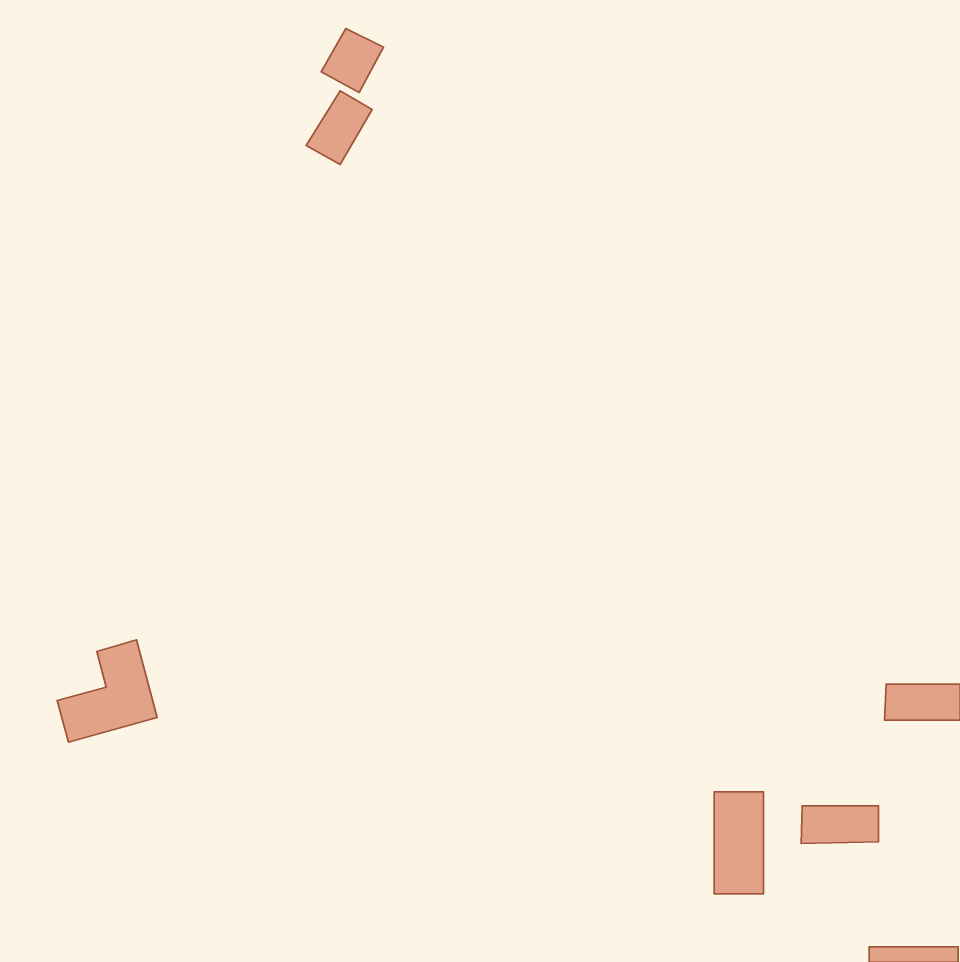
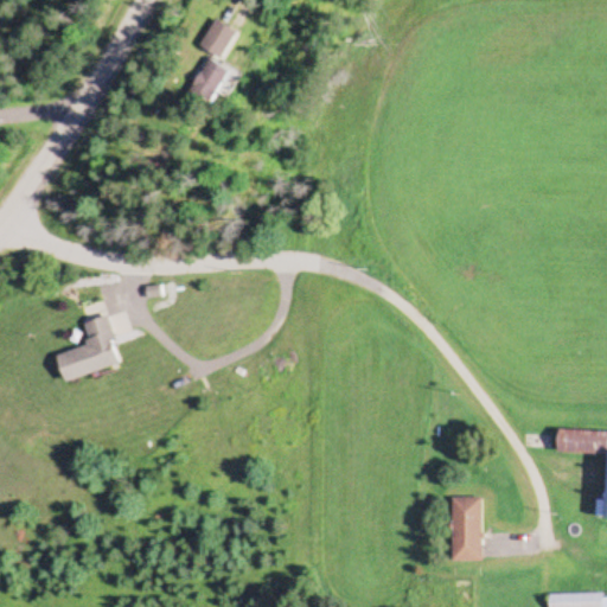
building: [57,640,157,742] -> [57,315,120,379]
building: [801,806,878,843] -> none

